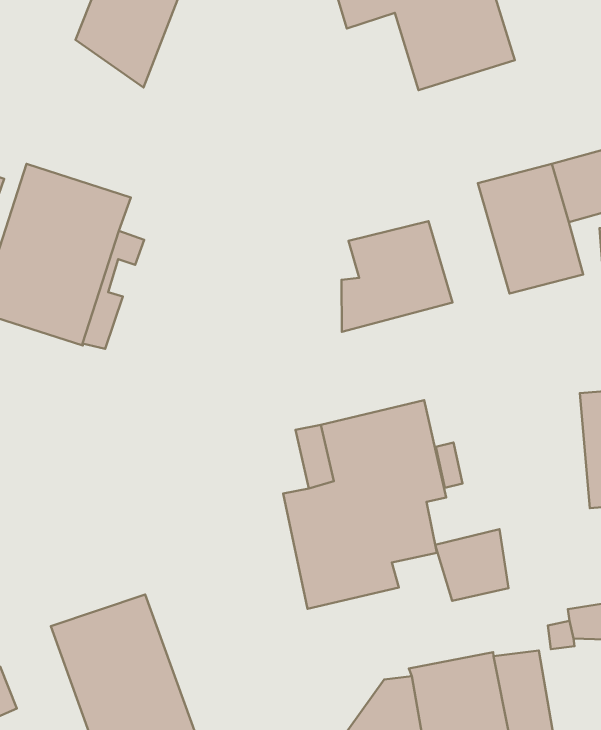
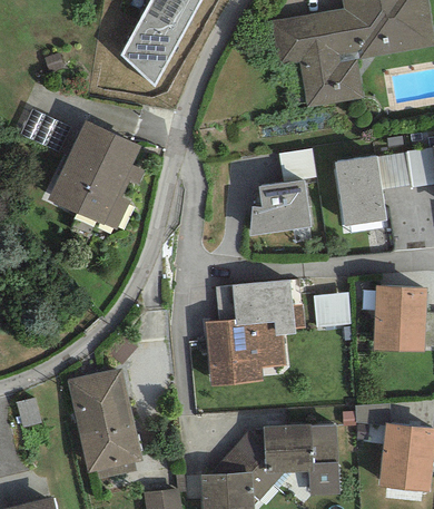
building: none -> [278,148,316,182]
building: [435,529,509,601] -> [313,291,351,327]

